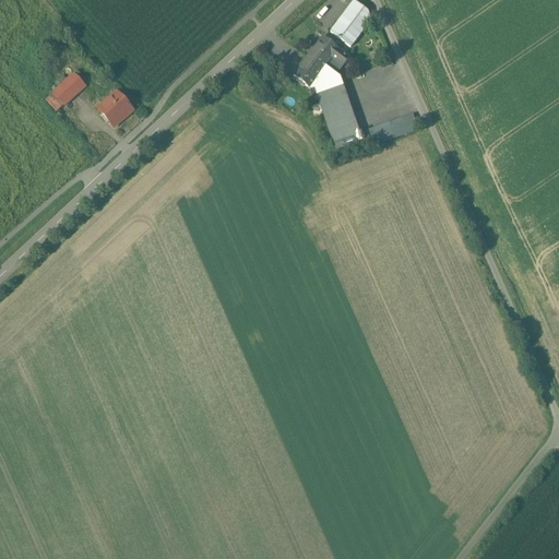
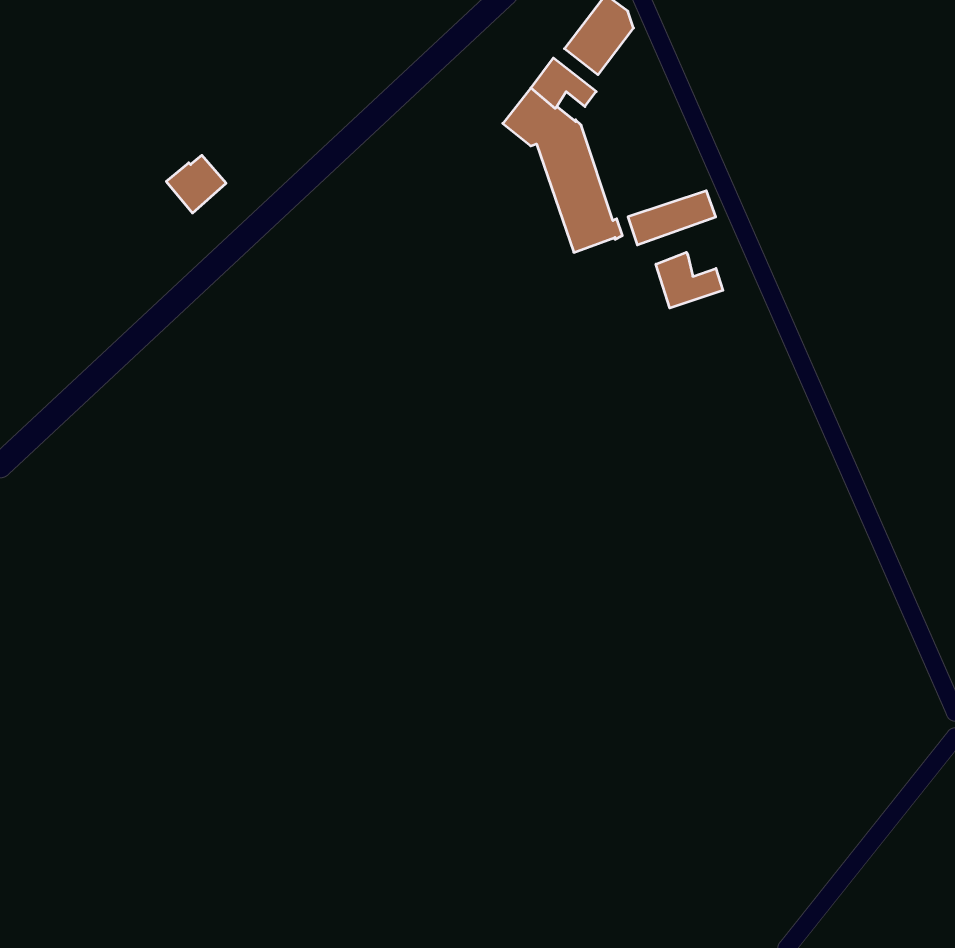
building: [52,71,84,102] -> none
building: none -> [656,252,723,308]

